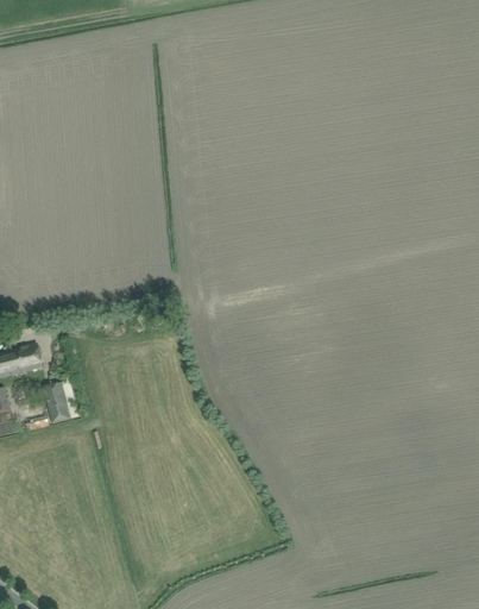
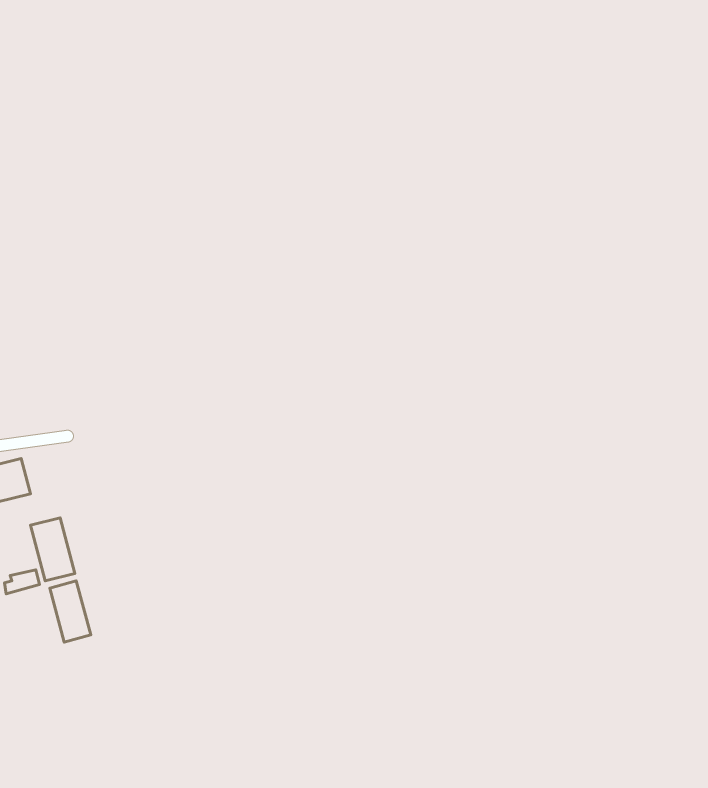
building: none -> [50,581,91,642]

